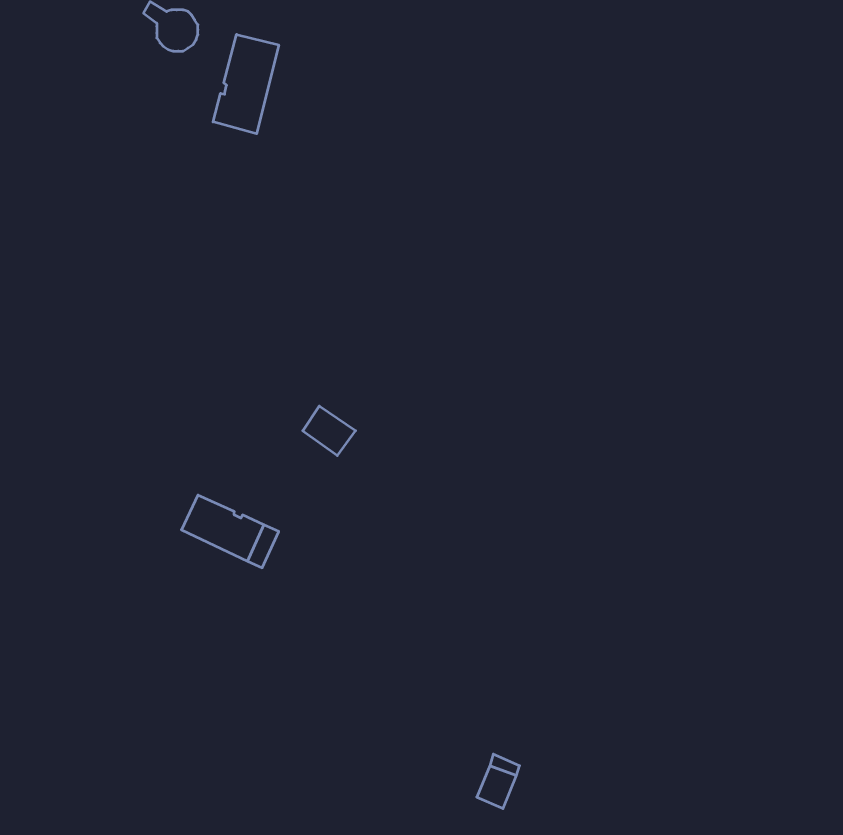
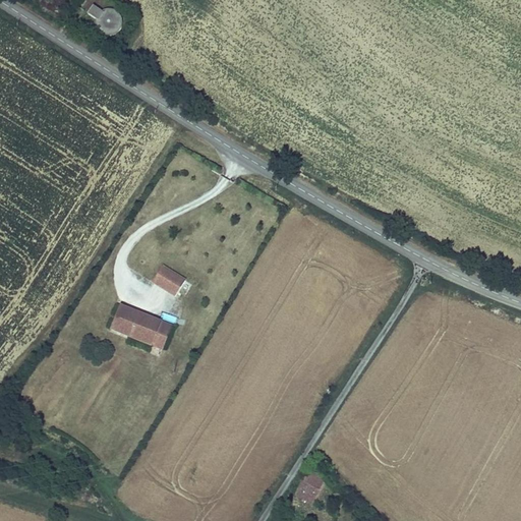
building: [213,34,279,134] -> none
building: [303,406,356,456] -> [152,264,184,294]

